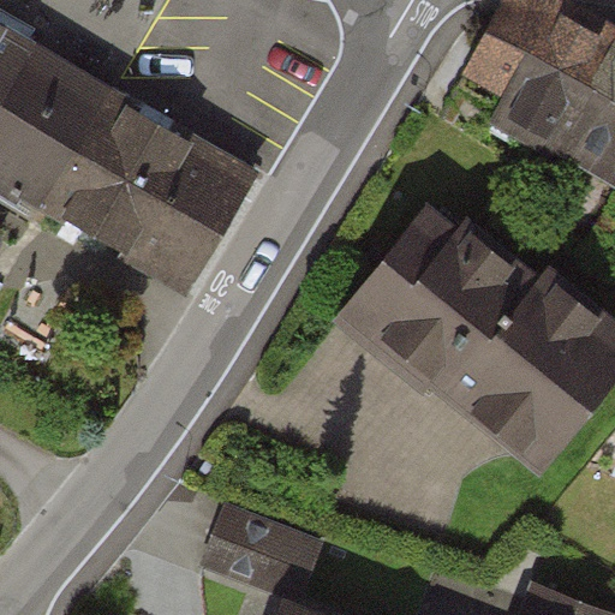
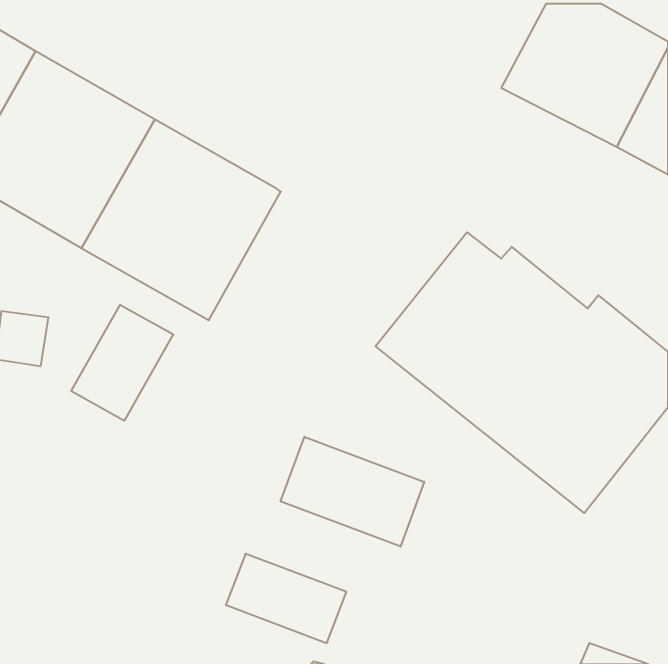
building: none -> [71,305,173,421]
building: none -> [281,437,424,547]

